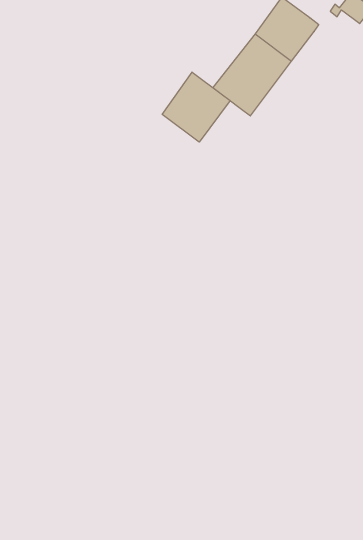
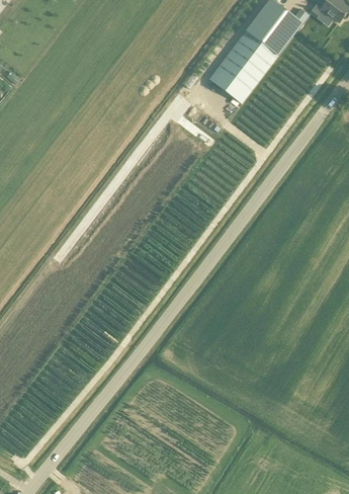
building: [162,72,230,142] -> none

